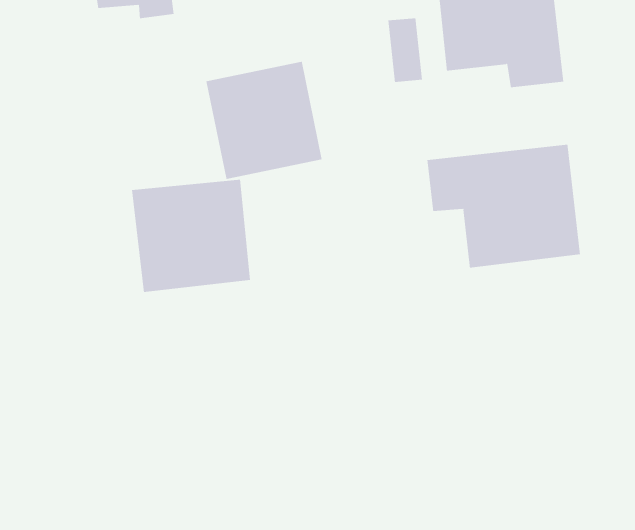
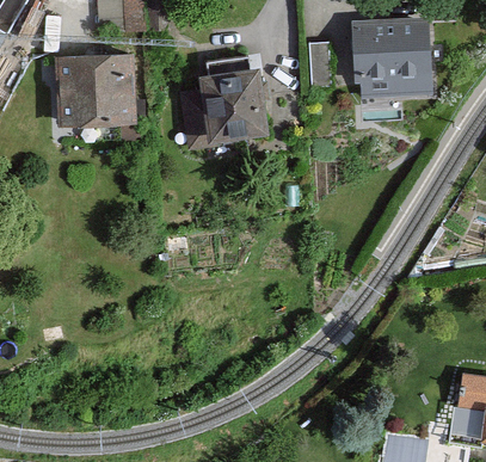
building: [427,144,581,268] -> none
building: [131,179,251,292] -> [49,56,128,130]

